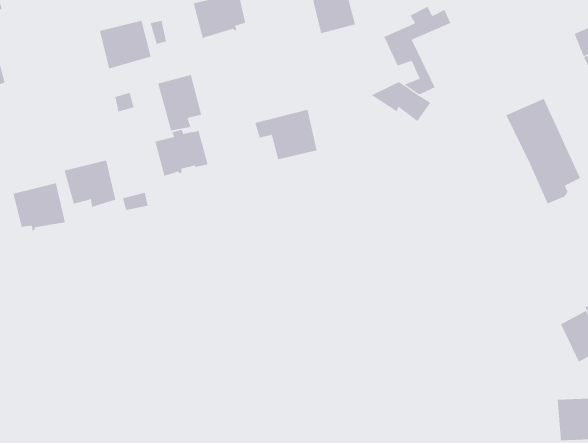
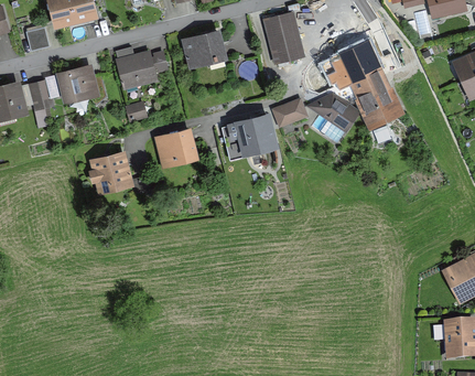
building: none -> [60,67,105,105]
building: [157,74,202,131] -> none
building: none -> [273,99,305,125]
building: [506,98,581,204] -> [342,54,396,130]
building: [13,182,65,232] -> none

